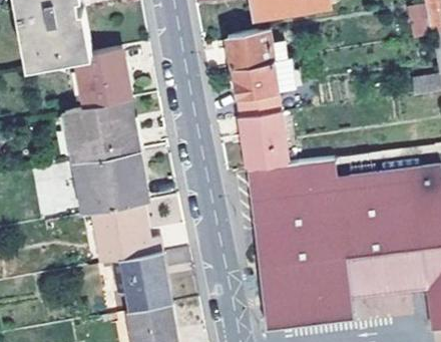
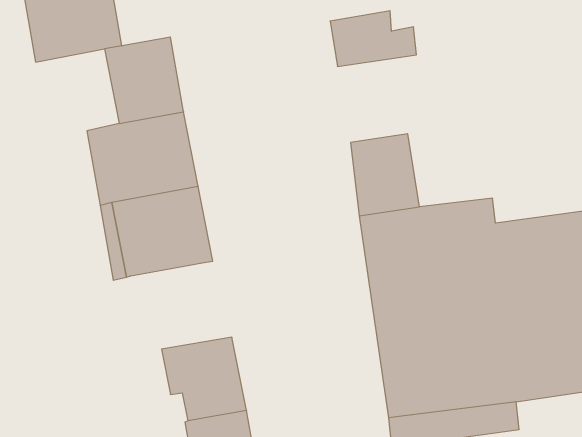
building: [233,59,296,99] -> none
building: [91,203,160,264] -> none

